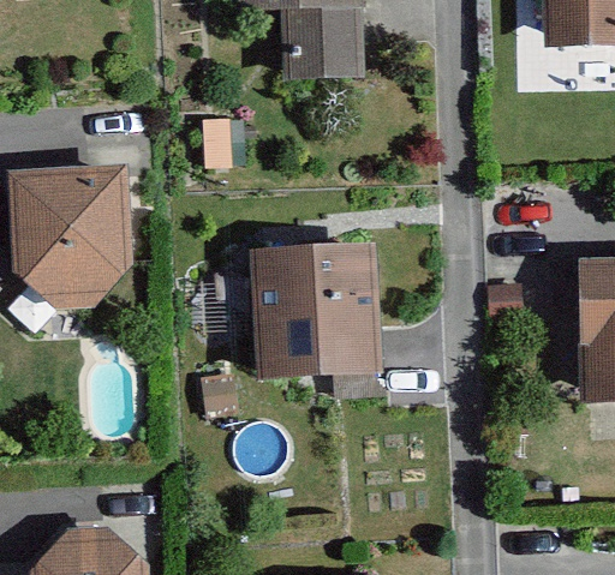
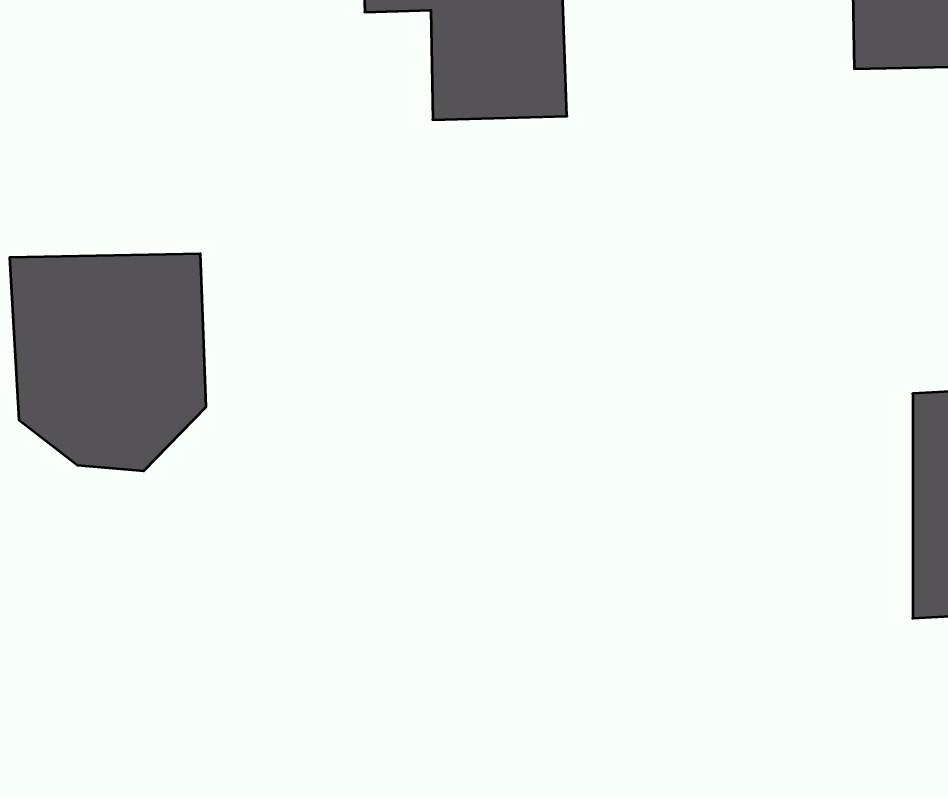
building: [250,251,381,387] -> none

